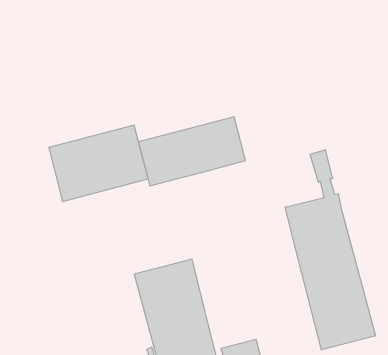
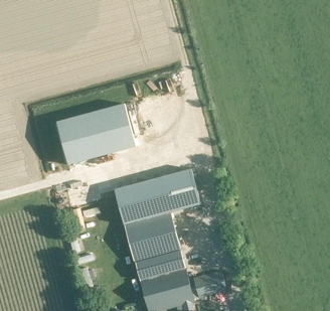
building: [139,117,245,186] -> [115,168,200,223]
building: [285,150,376,350] -> none

